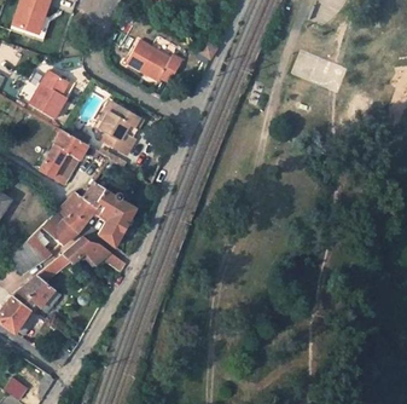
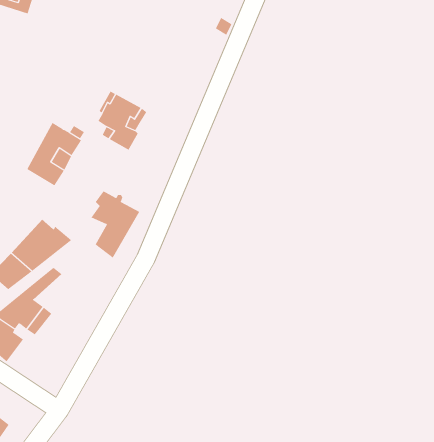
building: [127,37,182,81] -> none
building: [29,68,68,116] -> none
building: [57,183,105,231] -> none
building: [63,236,126,269] -> none

